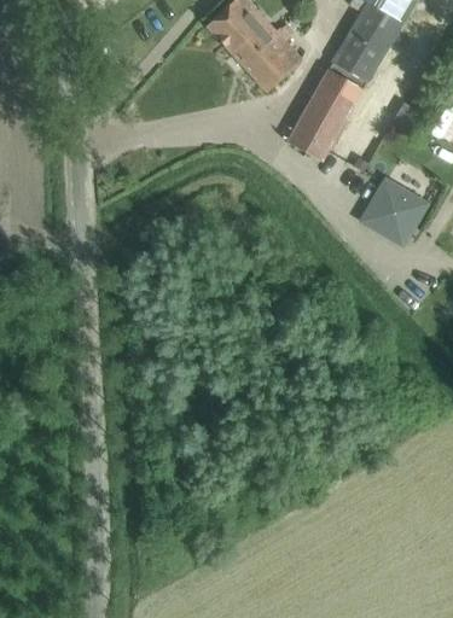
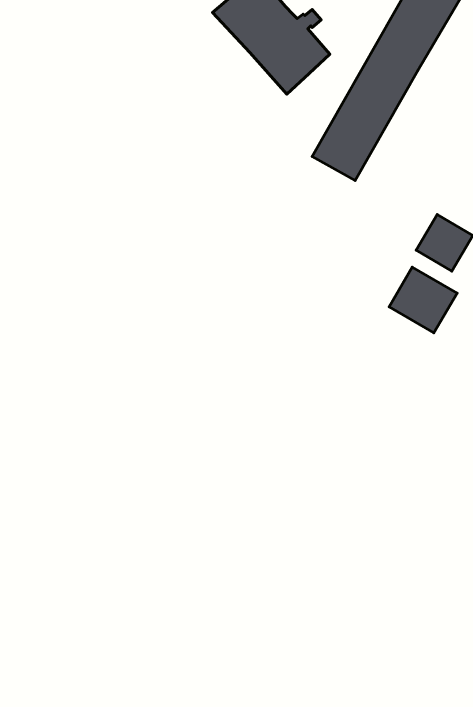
building: none -> [389,267,457,333]

